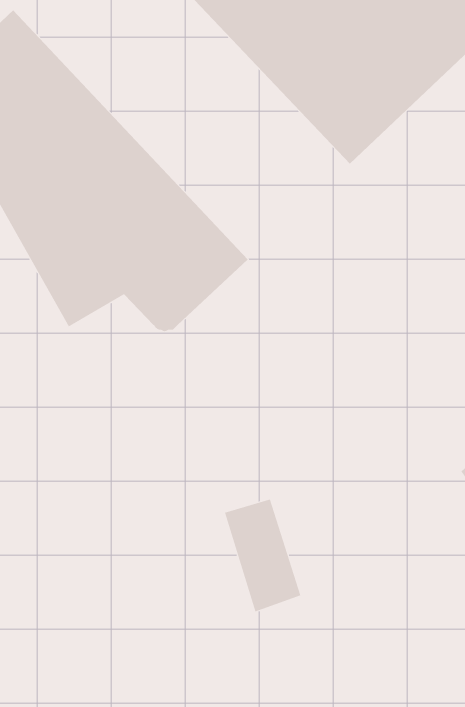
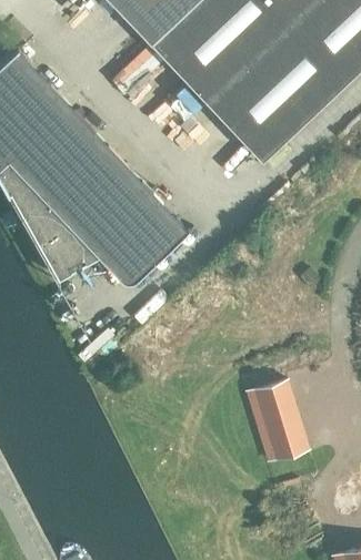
building: [224,499,301,612] -> [245,383,301,465]

